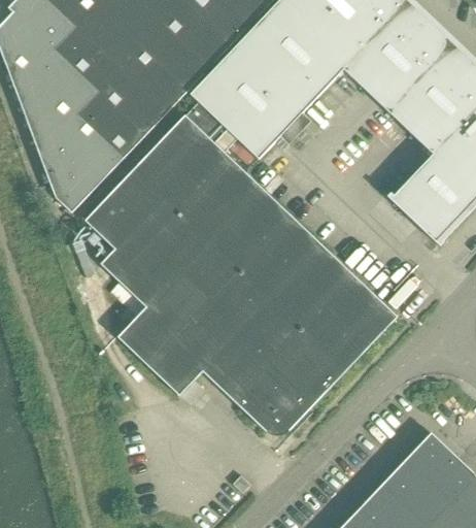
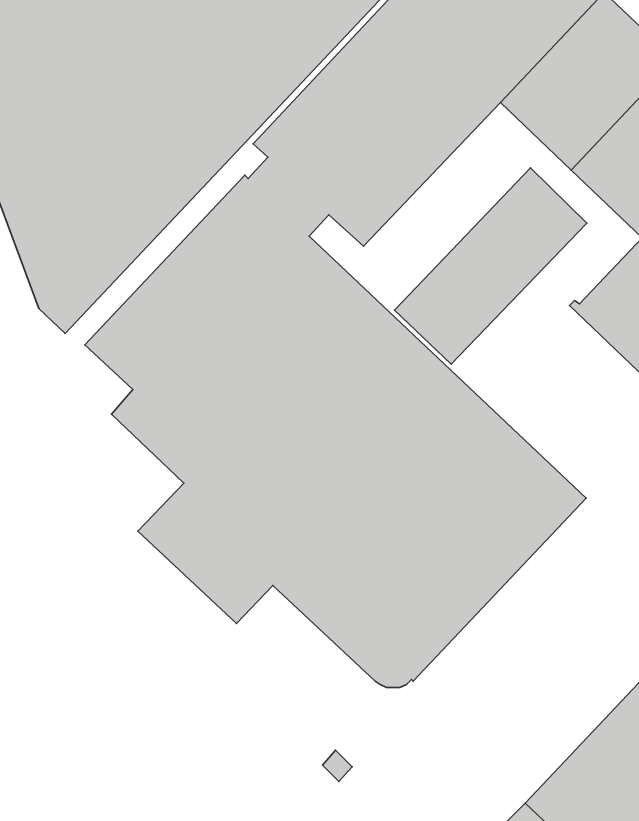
building: none -> [395,168,587,364]

